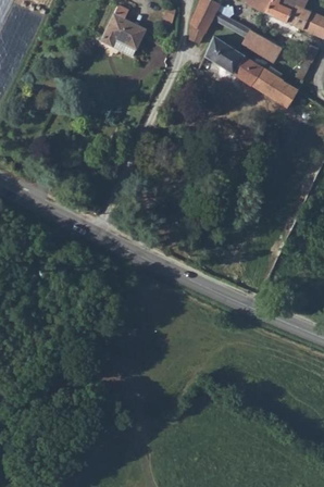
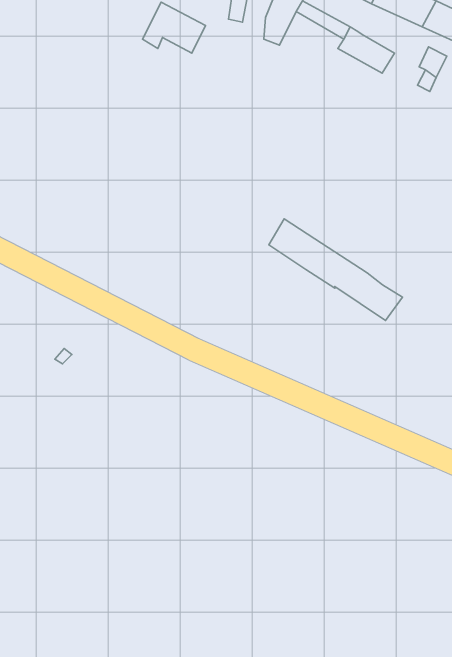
building: [203,36,298,108] -> [269,219,403,320]

